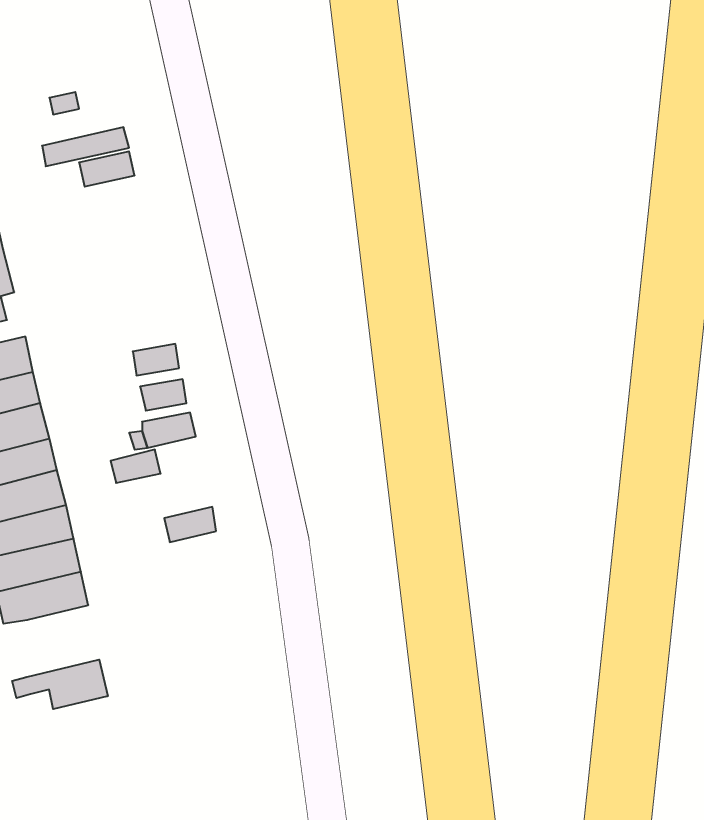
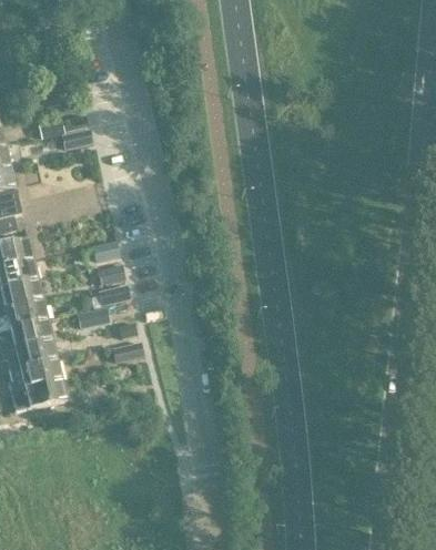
building: [12,660,108,709] -> none

